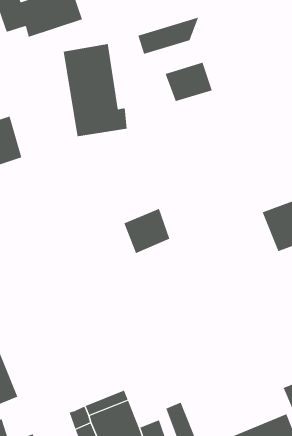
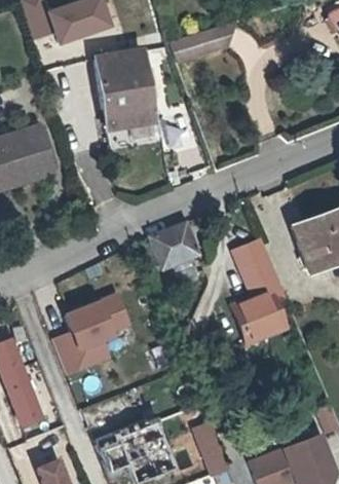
building: [165,62,213,102] -> none
building: none -> [235,239,289,342]
building: none -> [50,290,138,372]

